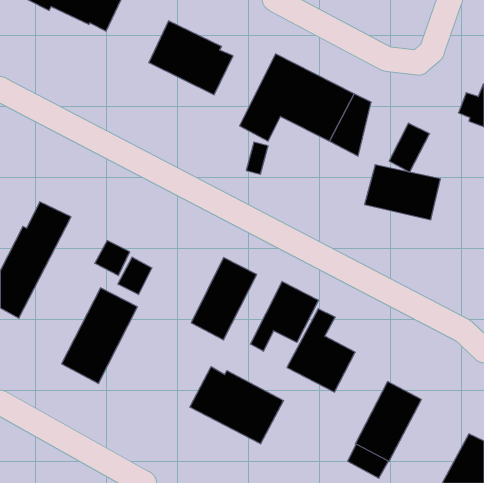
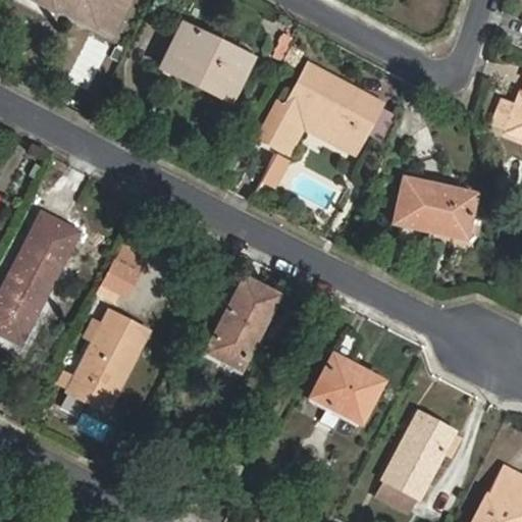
building: [389,123,430,172] -> none
building: [118,257,152,295] -> none
building: [251,281,318,351] -> none
building: [190,367,284,444] -> none

